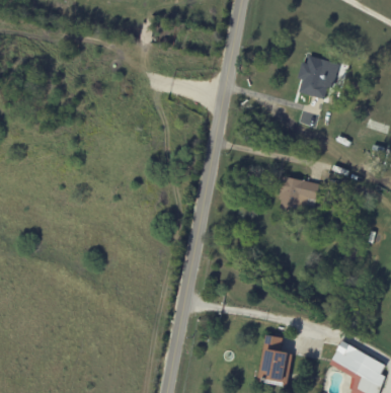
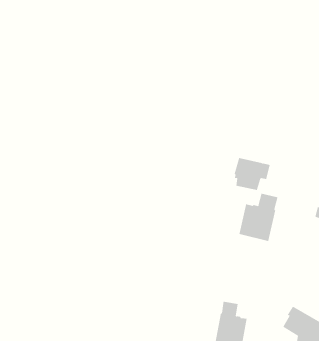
building: [298,56,337,100] -> none
building: none -> [239,193,278,242]

